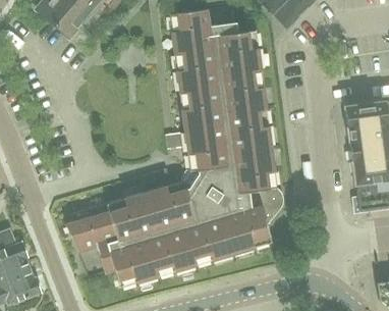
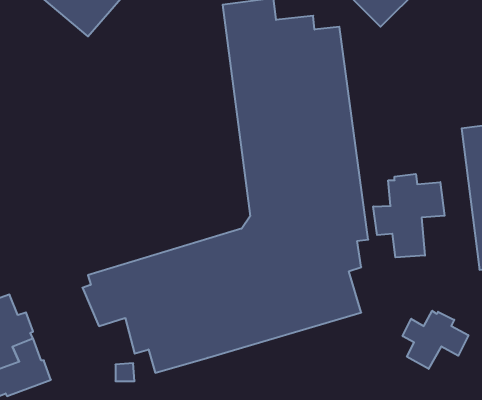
building: none -> [373,174,445,257]
building: none -> [403,311,468,369]

